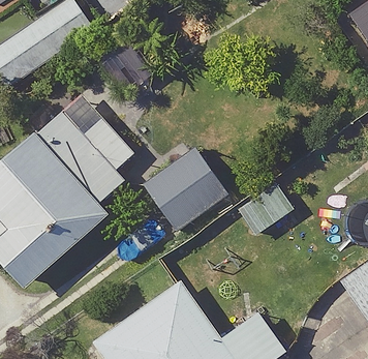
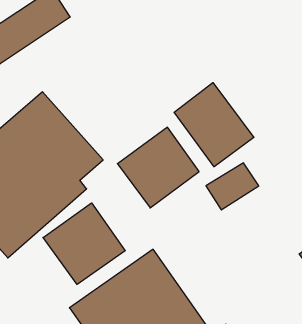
building: none -> [174,83,254,167]
building: none -> [43,203,125,284]

